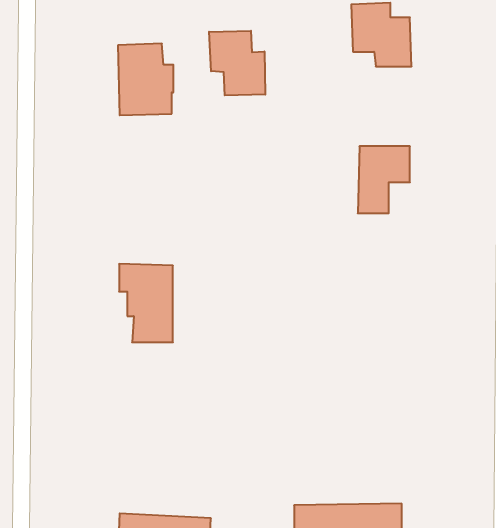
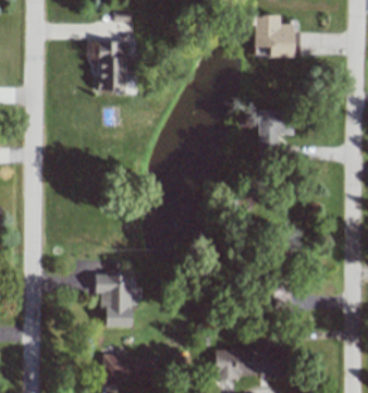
building: [209,31,265,95] -> none
building: [119,264,173,342] -> [95,275,131,328]

